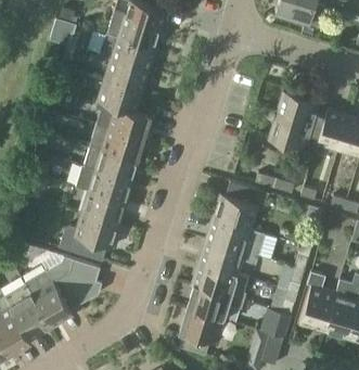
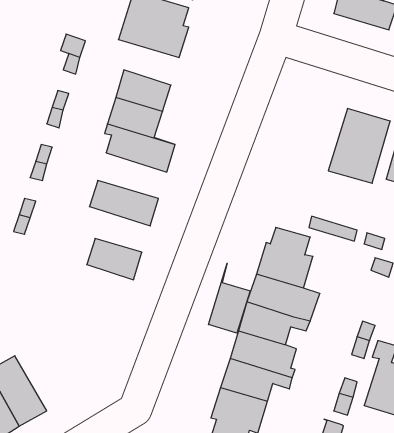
building: [99,33,154,69] -> none
building: [90,123,144,158] -> none
building: [76,165,131,201] -> none
building: none -> [209,263,250,333]
building: [62,210,118,259] -> none
building: [24,255,102,326] -> none

